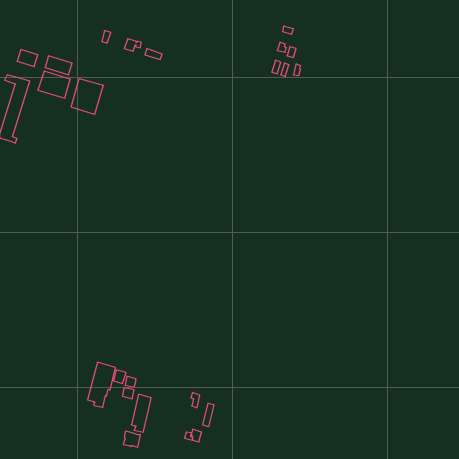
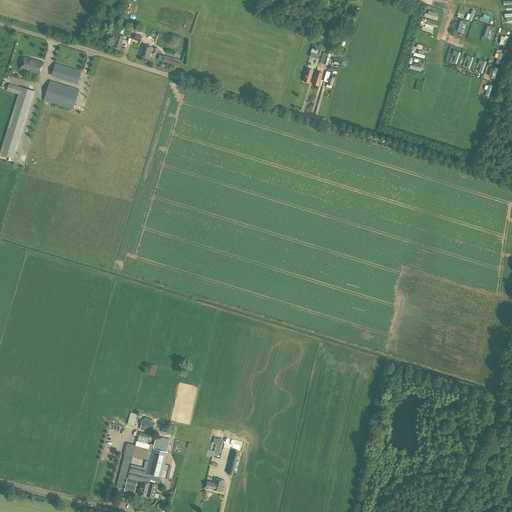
building: [71,79,103,114] -> none
building: [88,362,115,407] -> [116,442,147,492]

